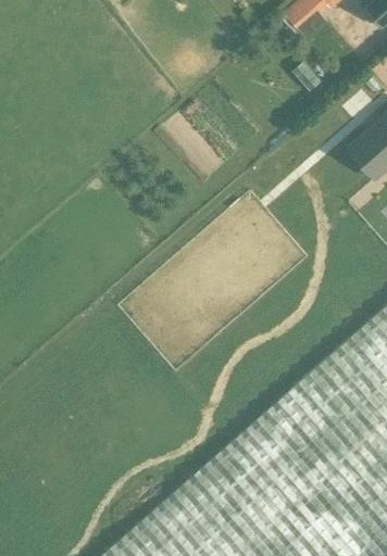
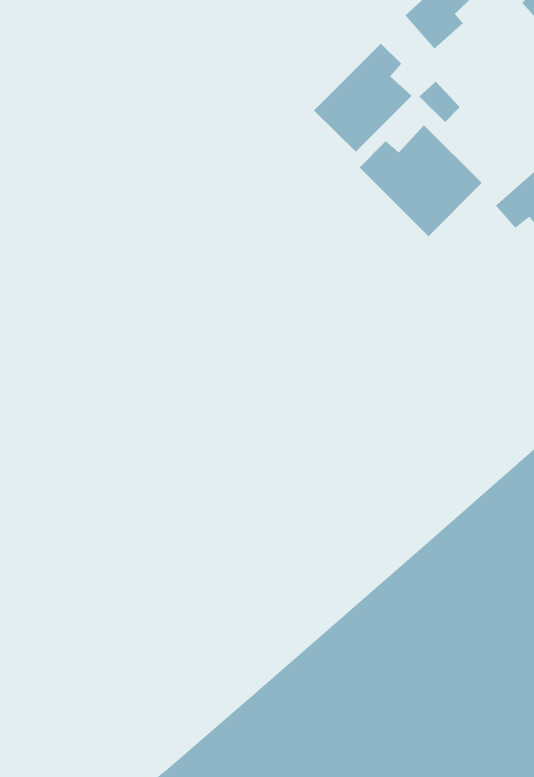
building: none -> [313,43,412,153]
building: none -> [359,124,482,237]

